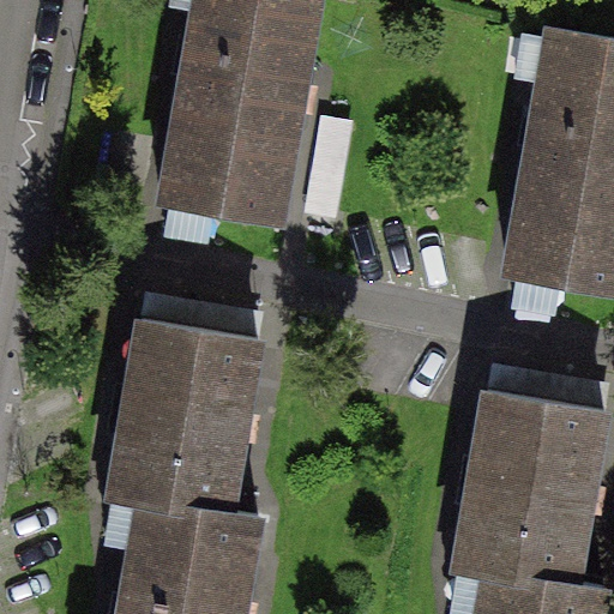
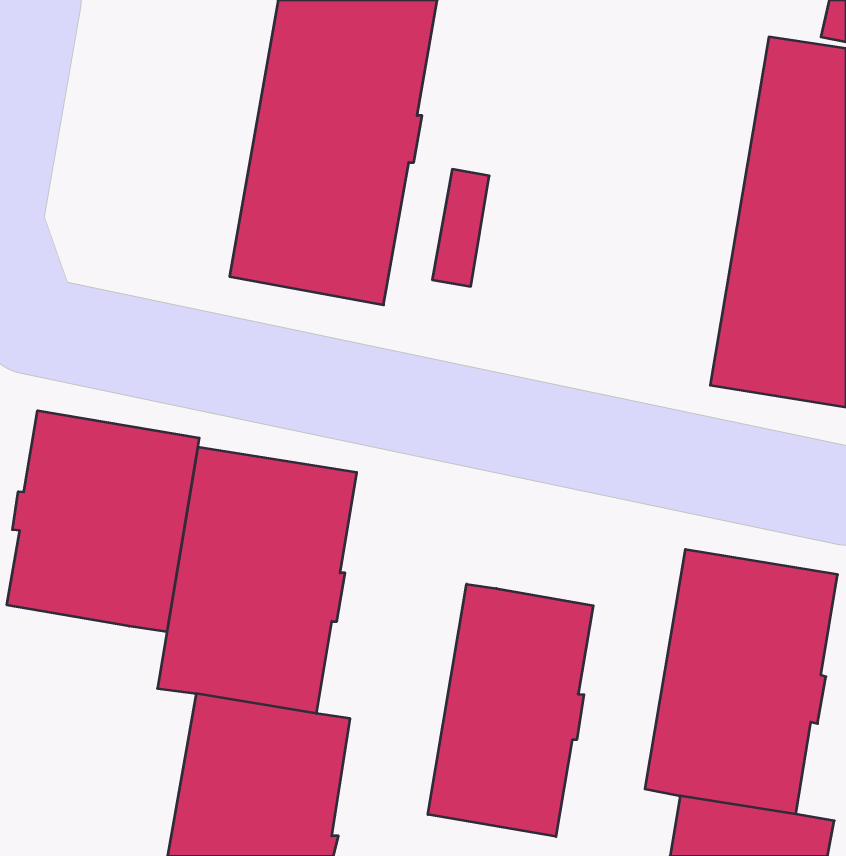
building: none -> [7,411,199,632]
building: none -> [428,584,593,837]

